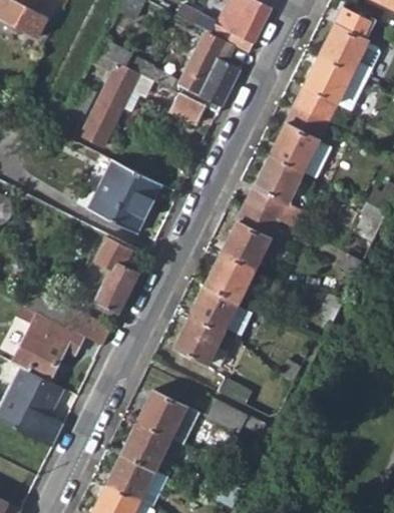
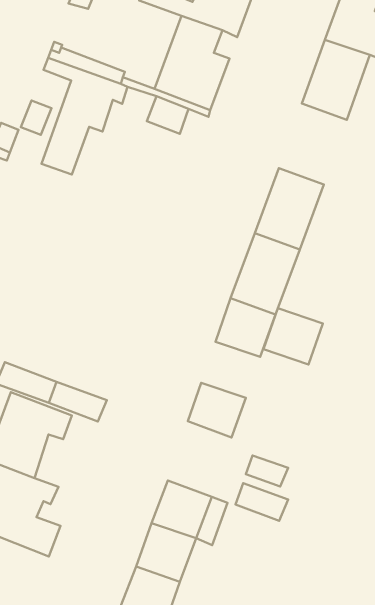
building: [270,109,328,175] -> none
building: [90,155,163,228] -> none
building: [93,230,139,311] -> none
building: [188,290,238,337] -> [264,308,323,364]

